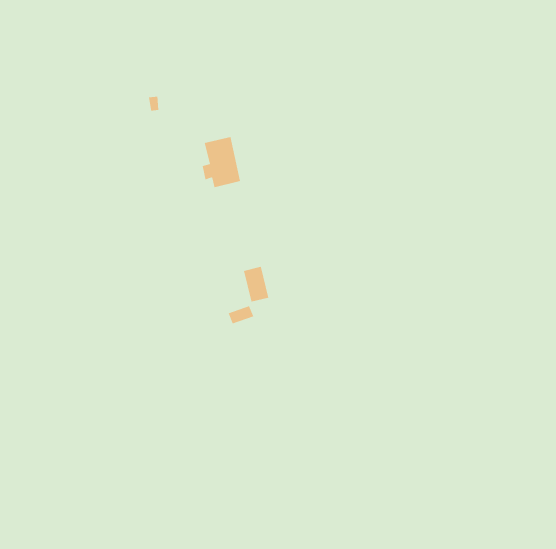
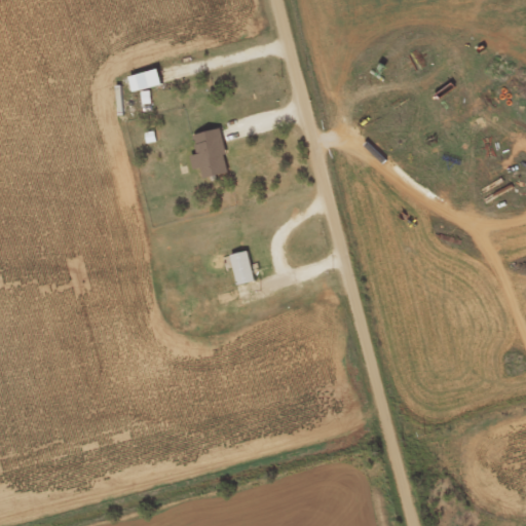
building: none -> [128,71,160,89]

